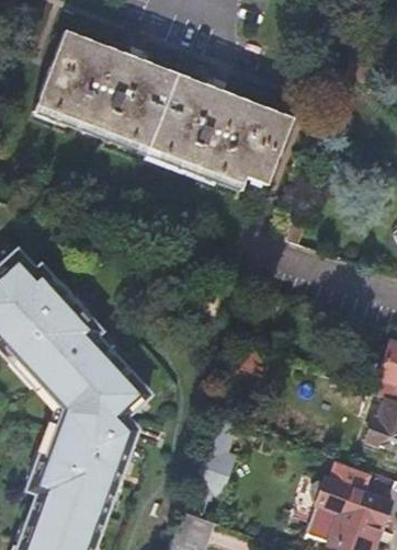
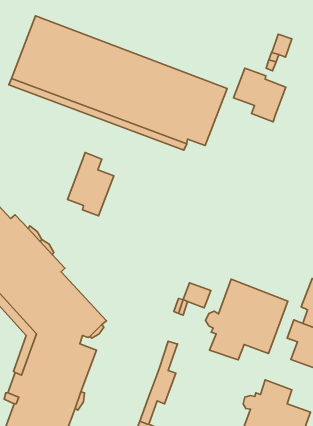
building: none -> [234,68,286,122]
building: none -> [67,152,114,216]
building: none -> [206,279,288,360]

